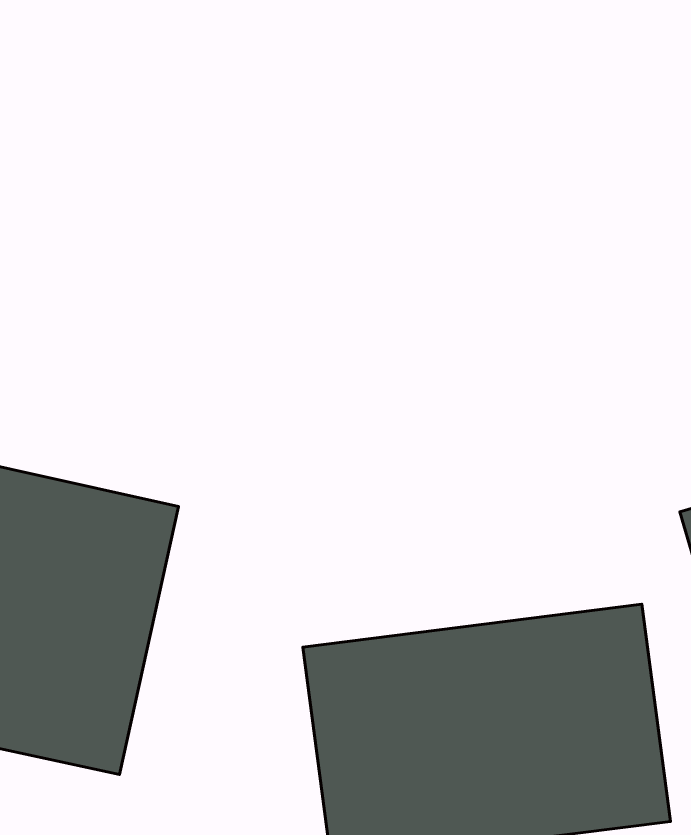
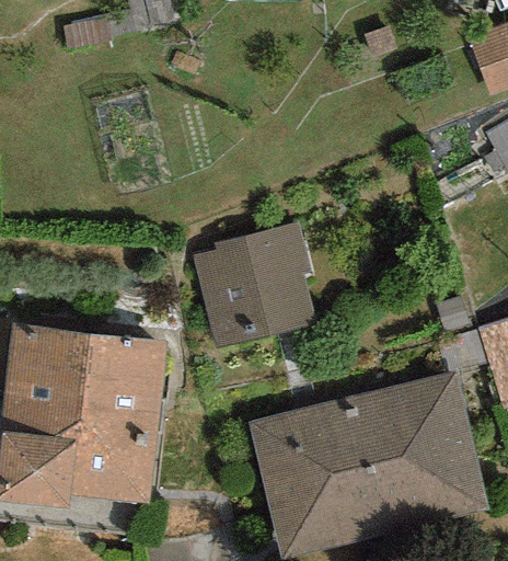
building: none -> [188,231,318,342]

